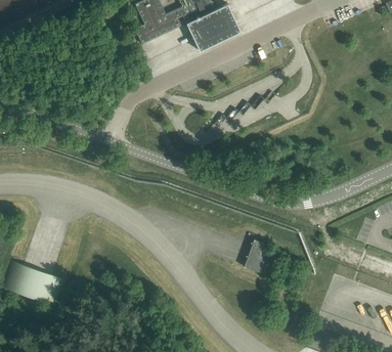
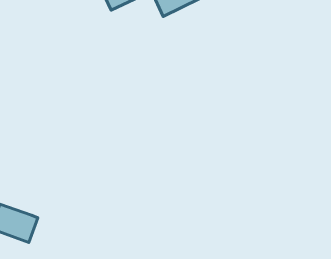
building: [245,238,278,275] -> none

